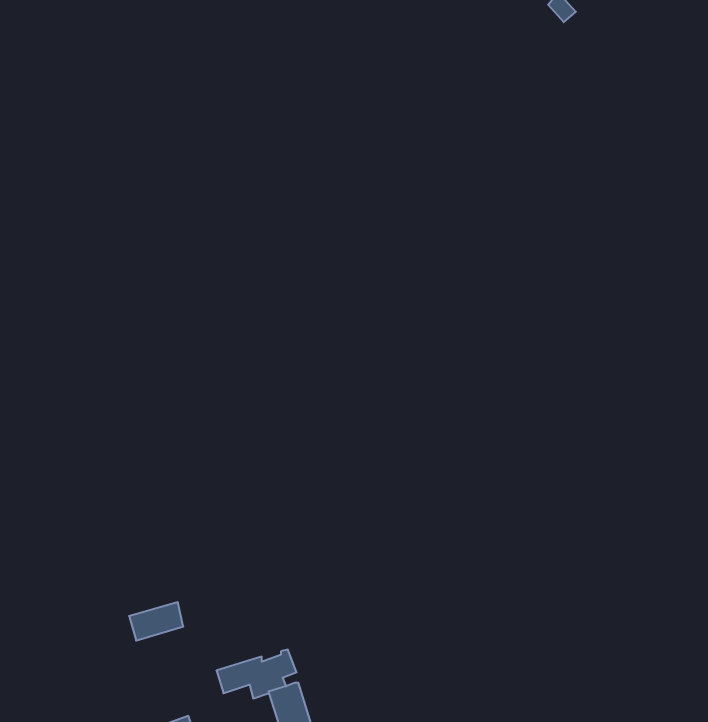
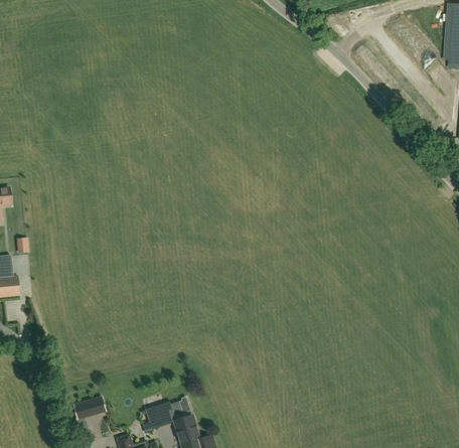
building: [129,602,183,641] -> [74,397,106,419]

